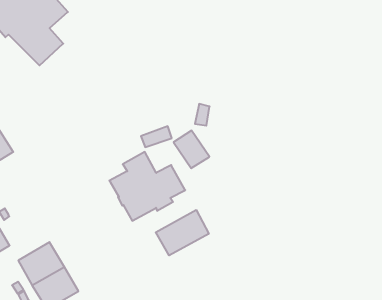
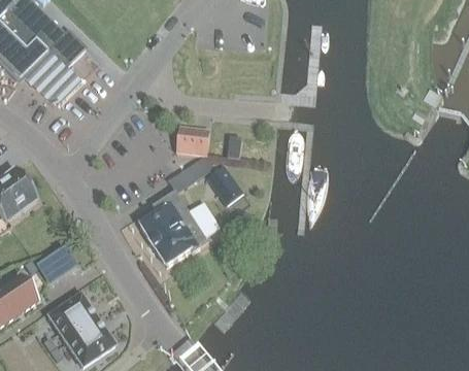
building: none -> [175,132,208,155]
building: none -> [36,248,67,279]
building: [156,210,209,255] -> none

